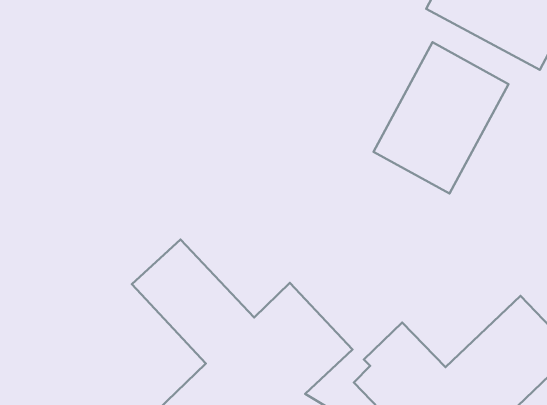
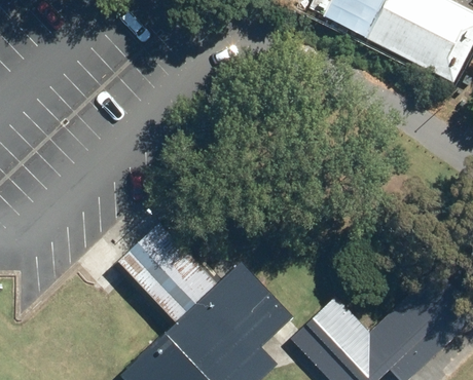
building: [374,42,508,193] -> none

